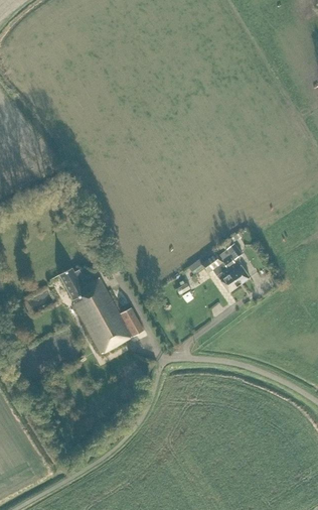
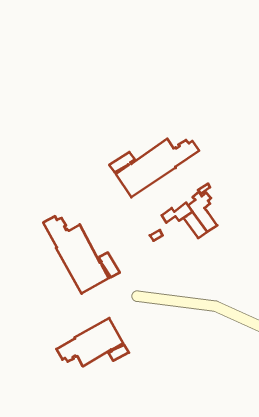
building: none -> [109,139,199,197]
building: none -> [56,318,129,366]

